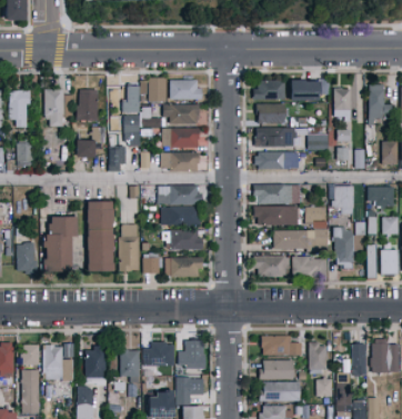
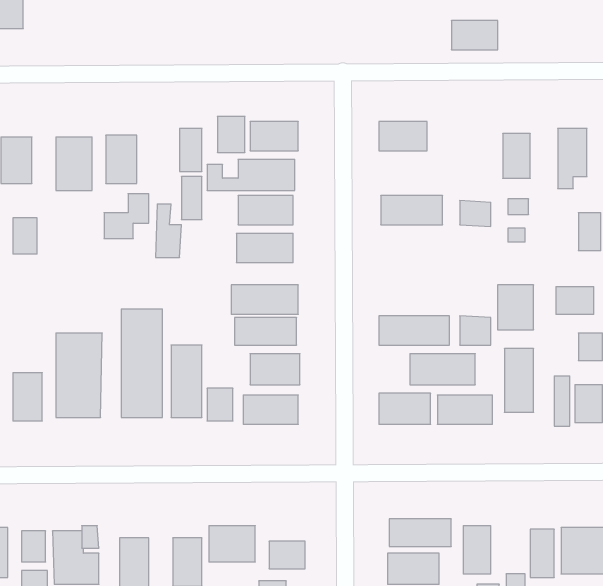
building: [291,80,321,99] -> [451,21,498,50]
building: [257,104,285,122] -> none
building: [255,152,308,169] -> none
building: [254,184,301,203] -> none

